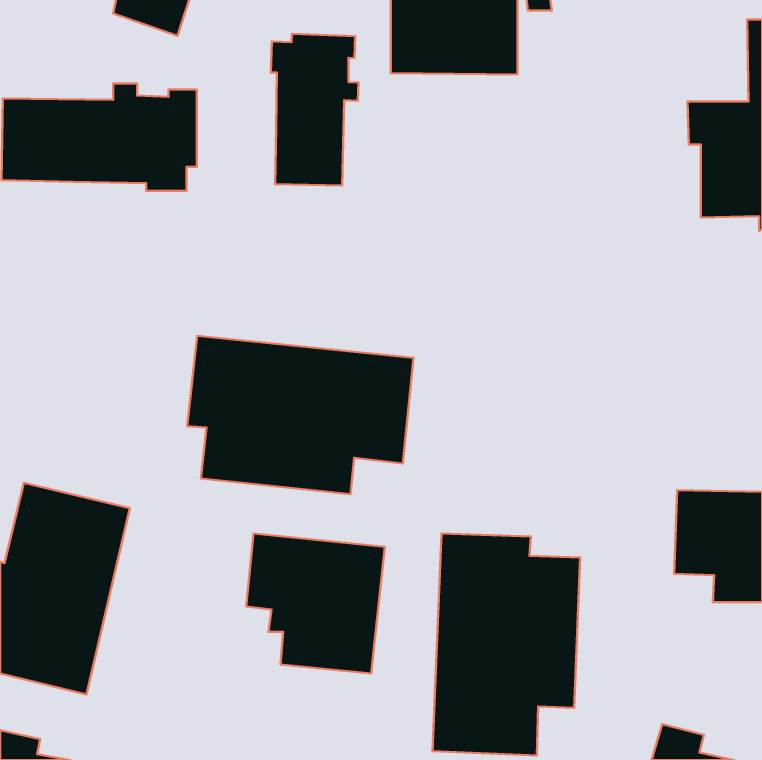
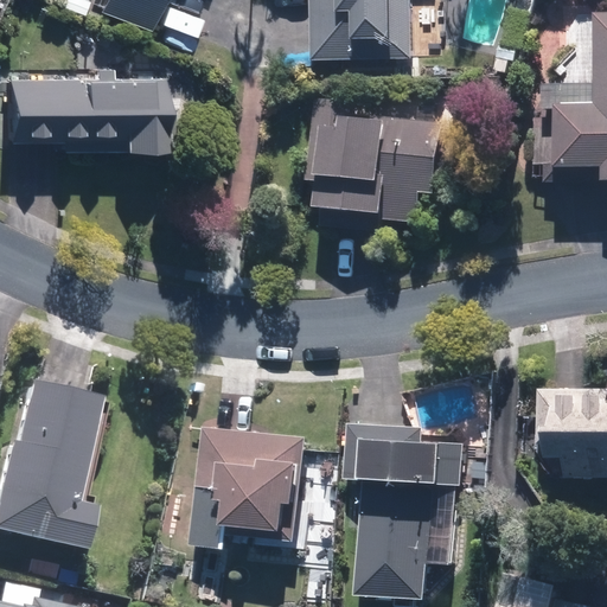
building: [271,34,358,185] -> none
building: none -> [307,103,446,226]
building: [187,336,414,494] -> none

